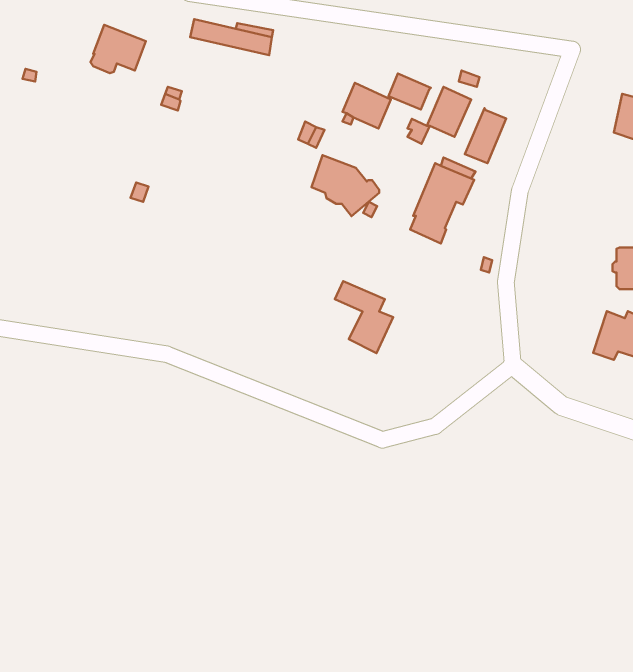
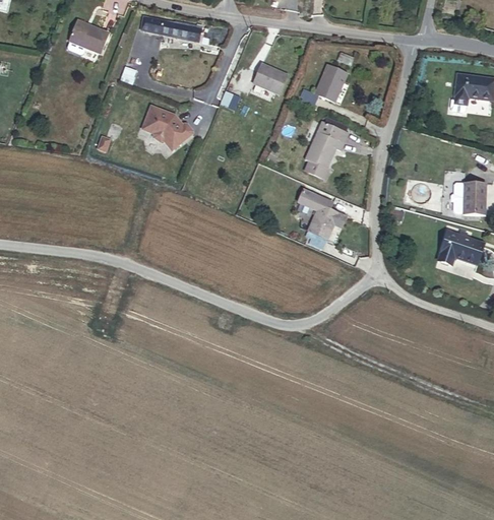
building: [389,74,431,110] -> none
building: [465,108,506,163] -> none
building: [311,155,379,216] -> [142,104,192,148]
building: [335,281,393,353] -> [297,187,339,240]

